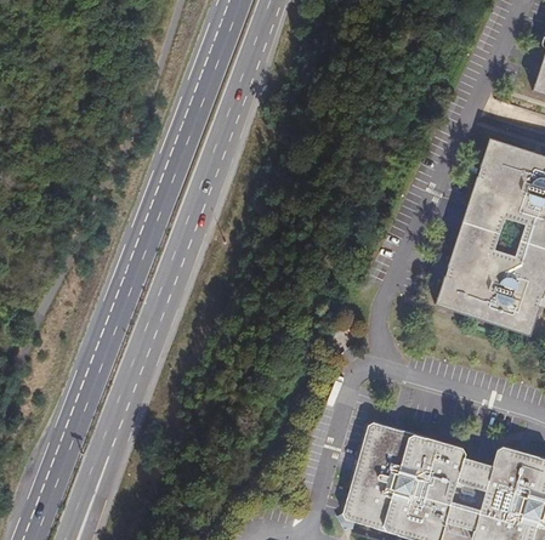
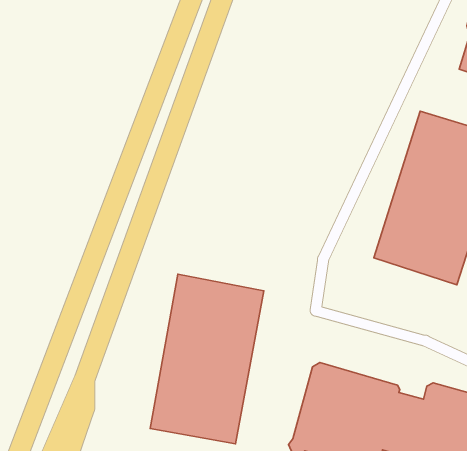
building: none -> [150,274,264,444]

